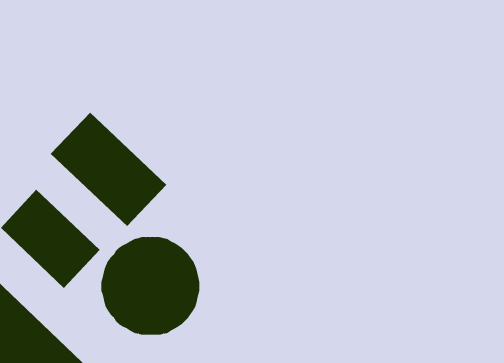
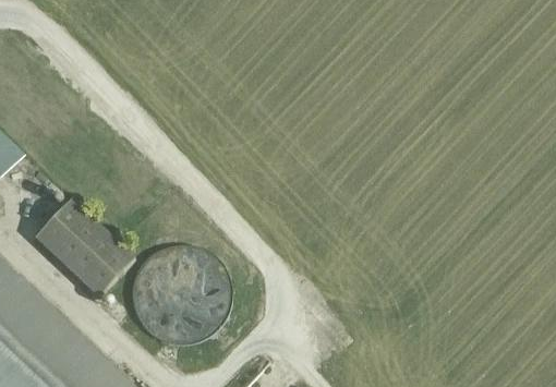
building: [50,112,167,227] -> none

